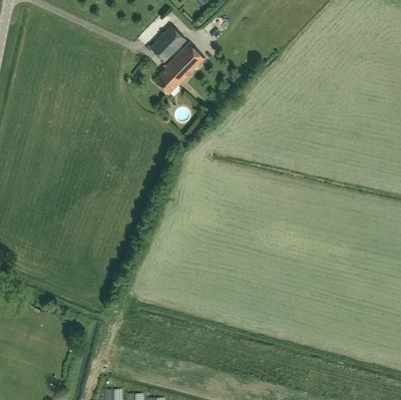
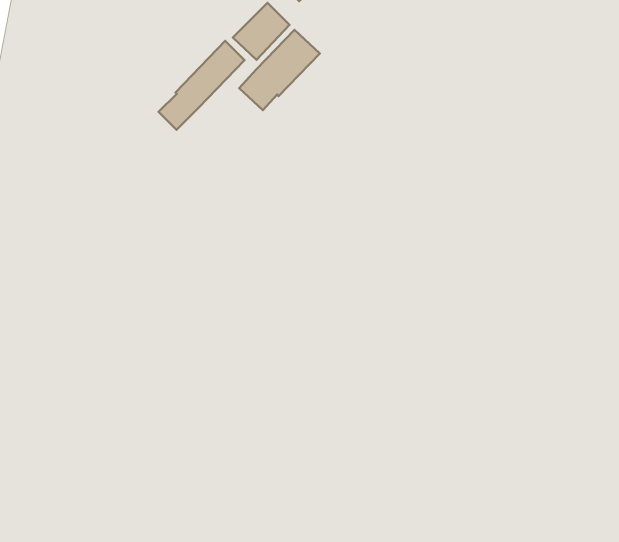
building: none -> [159,41,244,130]

